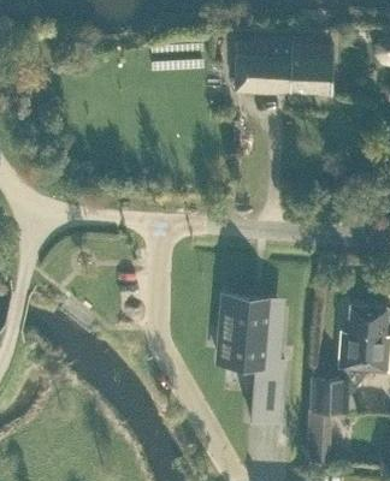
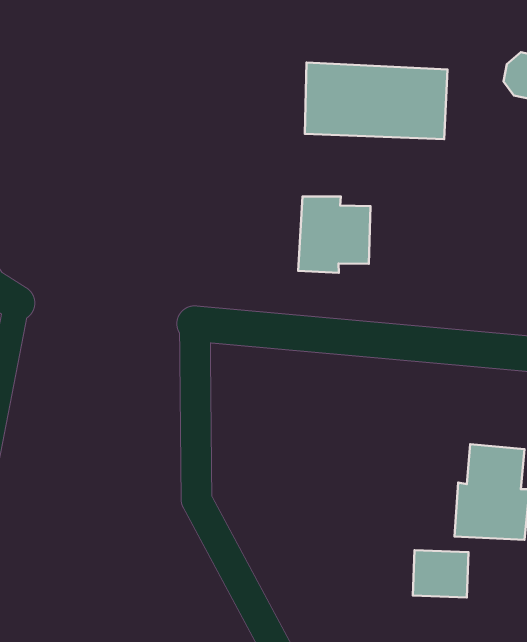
building: none -> [298,196,370,273]
building: [220,297,285,423] -> none

